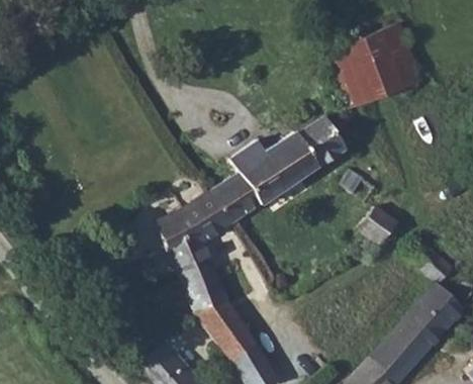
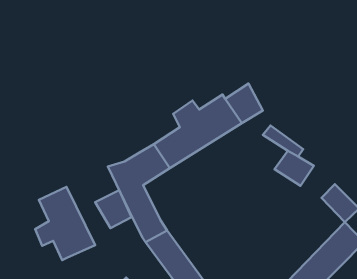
building: [329,30,423,108] -> none
building: none -> [35,187,95,260]
building: none -> [95,190,131,228]

